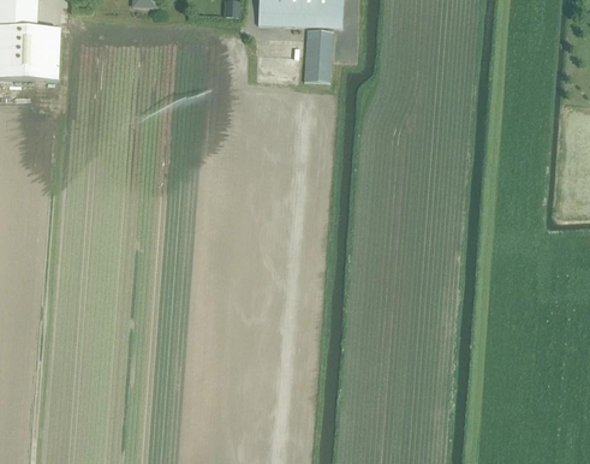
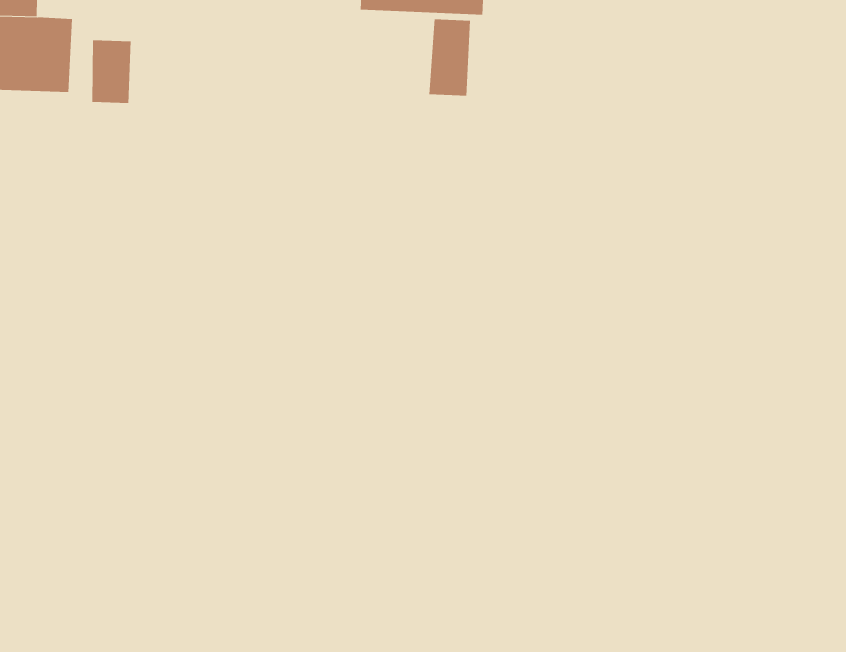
building: none -> [92,39,131,104]

